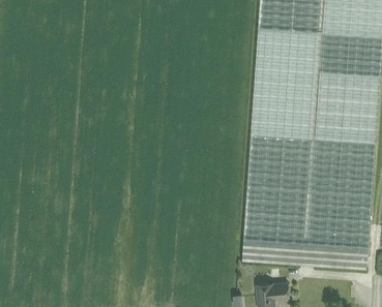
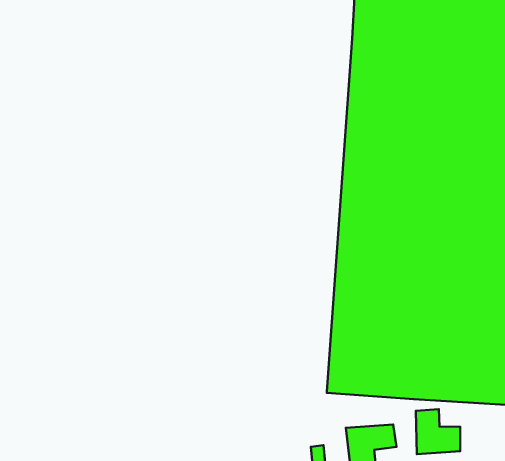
building: none -> [416,409,460,454]

